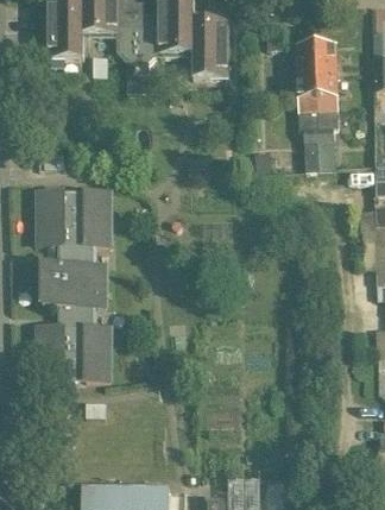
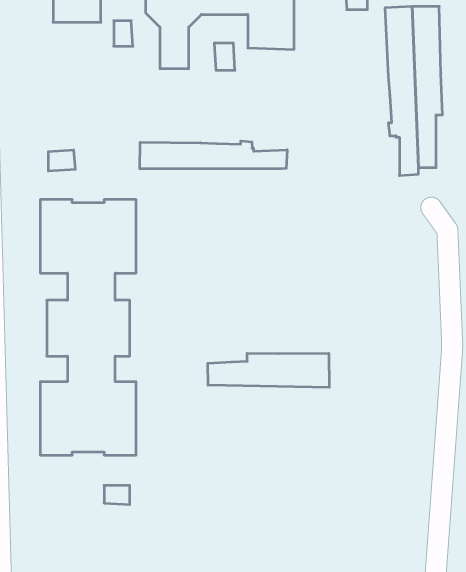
building: none -> [140,141,287,169]
building: none -> [208,353,329,387]

